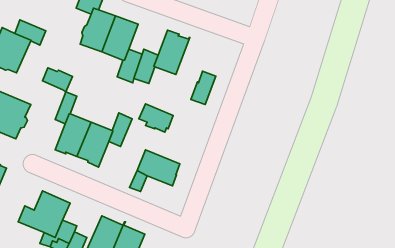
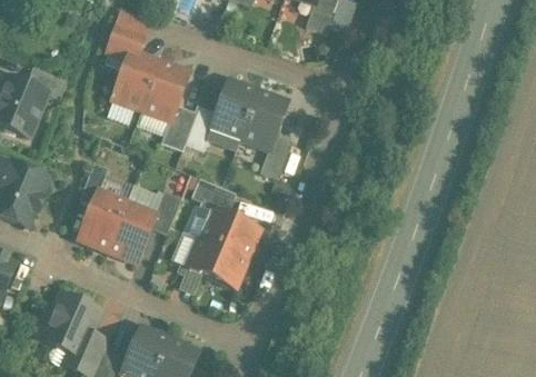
building: none -> [240,89,288,149]
building: [42,68,73,92] -> none
building: none -> [200,209,260,257]

